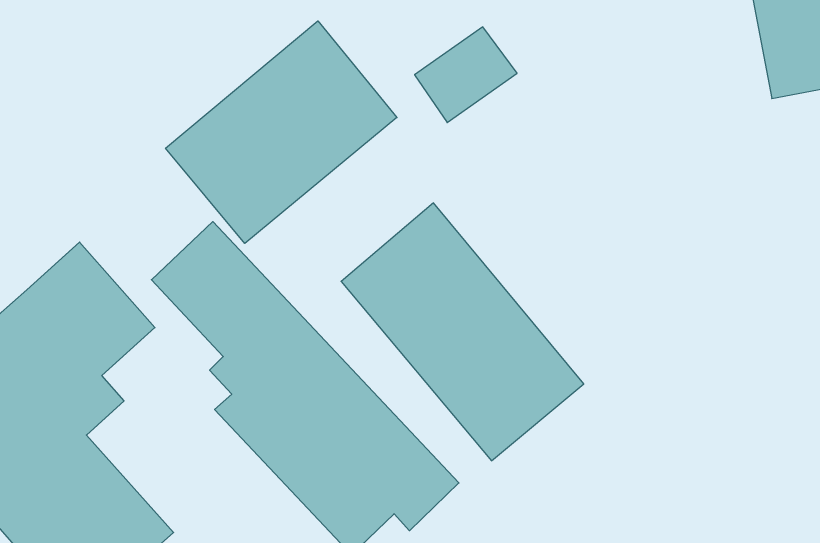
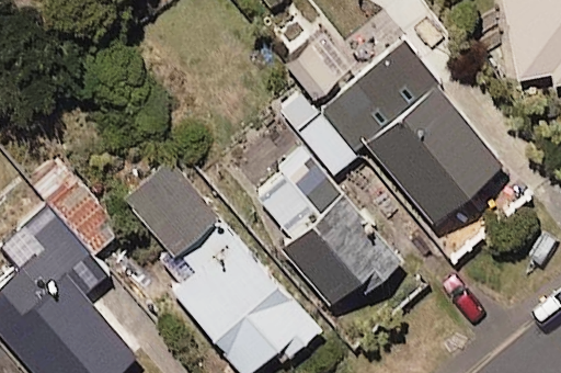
building: [166,21,397,243] -> none
building: none -> [299,69,504,226]

